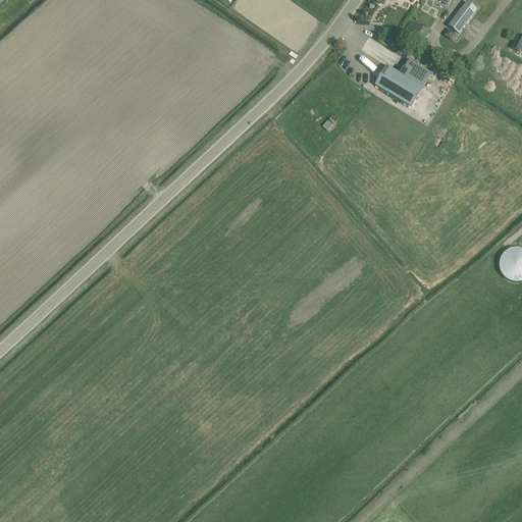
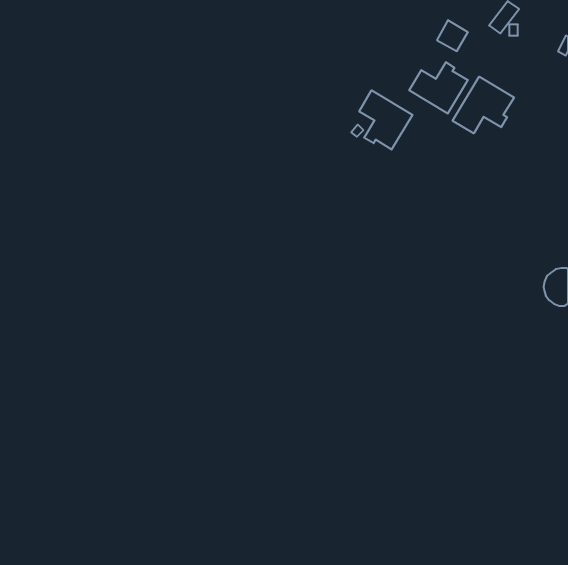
building: none -> [453,77,514,133]
building: none -> [359,90,412,150]

